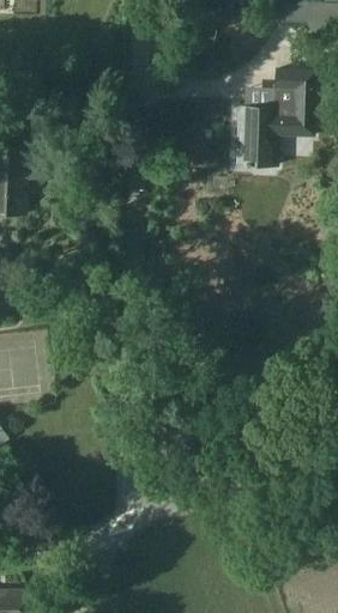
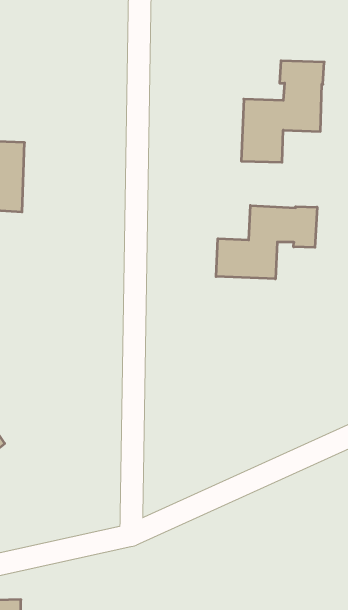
building: none -> [216,205,317,279]

